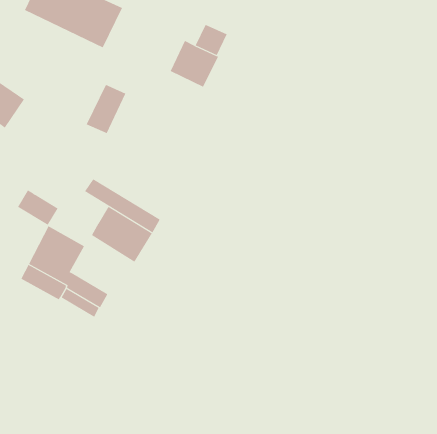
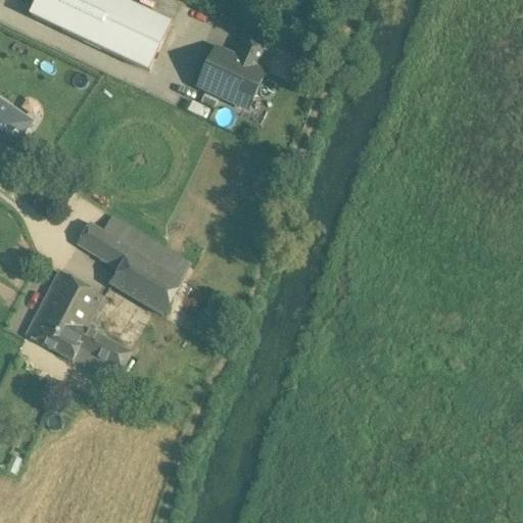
building: [86,84,126,134] -> [123,9,171,68]
building: [17,190,58,226] -> [80,223,129,266]

